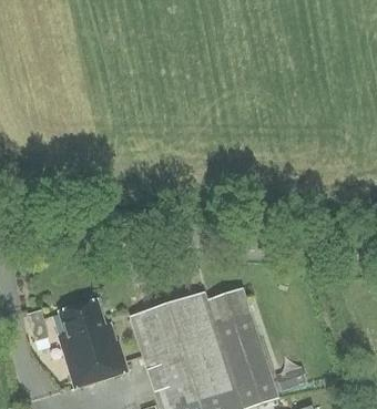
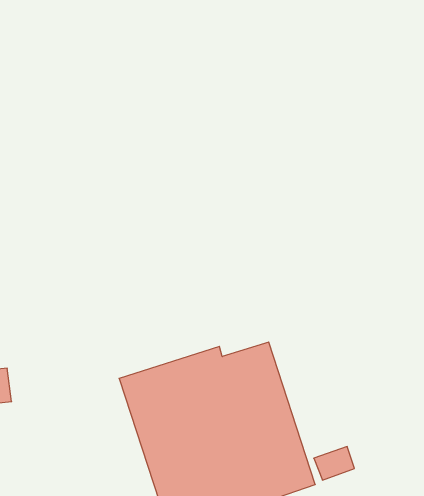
building: [58,299,124,387] -> none

